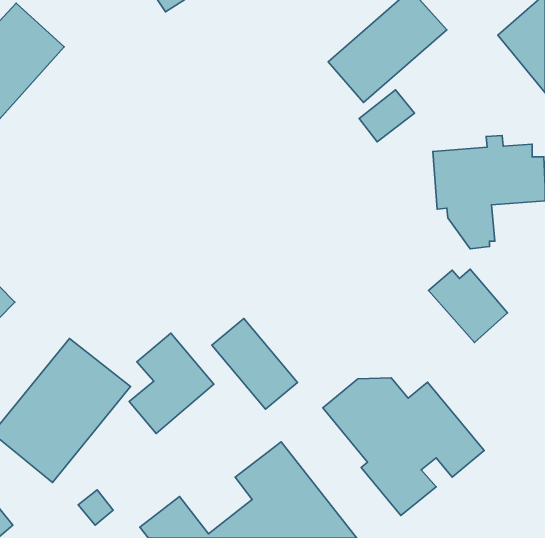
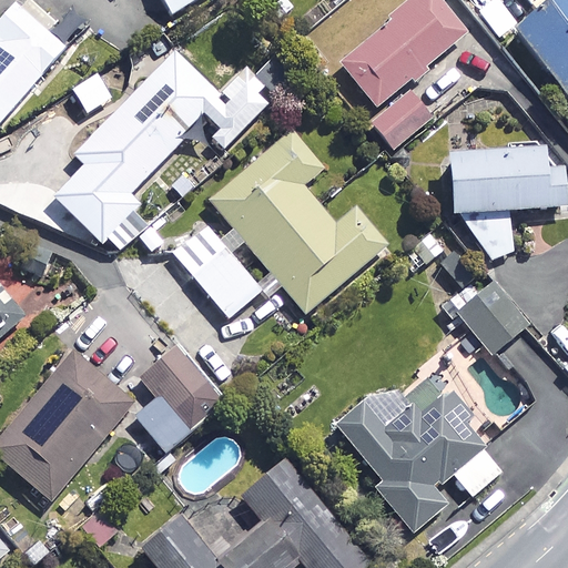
building: none -> [55,49,277,242]
building: none -> [211,129,386,312]
building: [212,318,297,409] -> [173,223,262,317]

